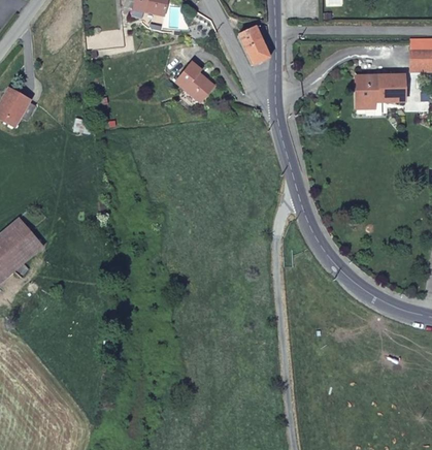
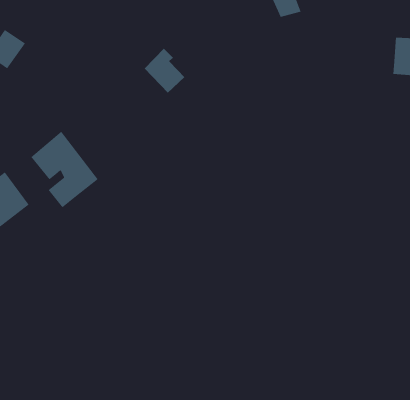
building: [176,63,213,103] -> [144,48,185,93]
building: none -> [31,131,98,208]

